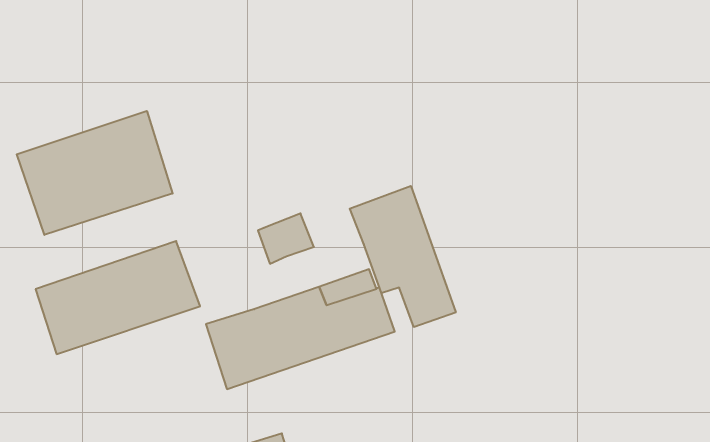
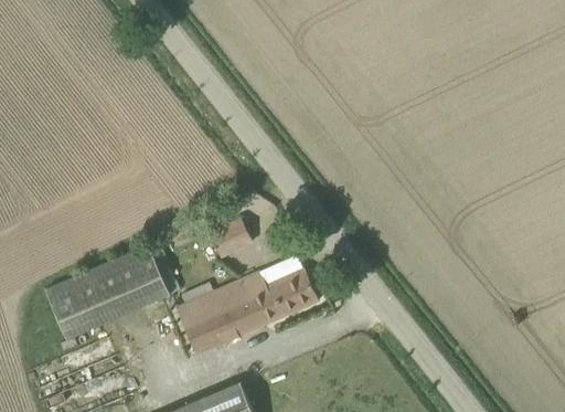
building: [17,111,173,235] -> none
building: [350,186,456,327] -> none

